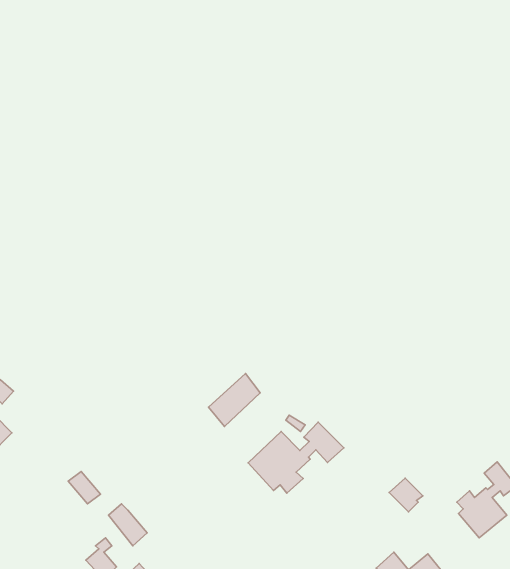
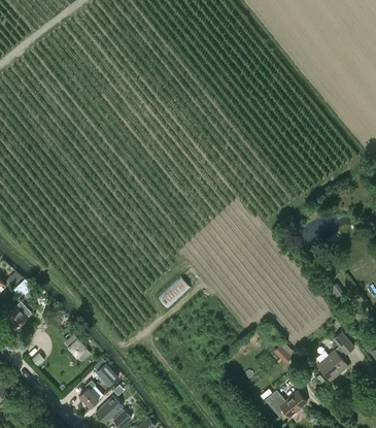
building: [248,422,344,493] -> none

